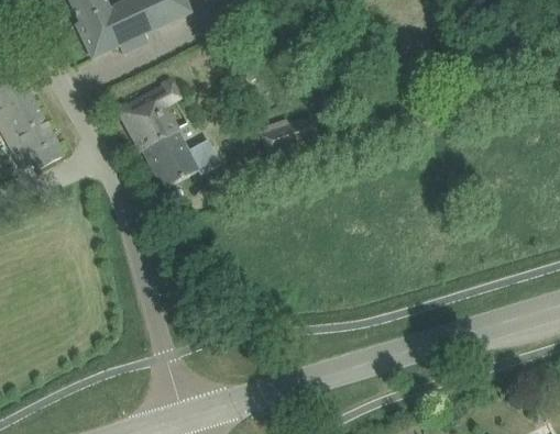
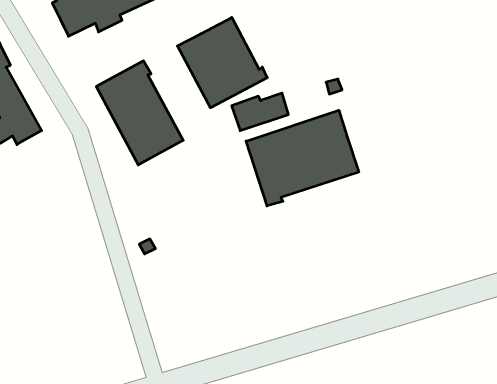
building: none -> [177,17,267,108]
building: none -> [246,110,359,206]

